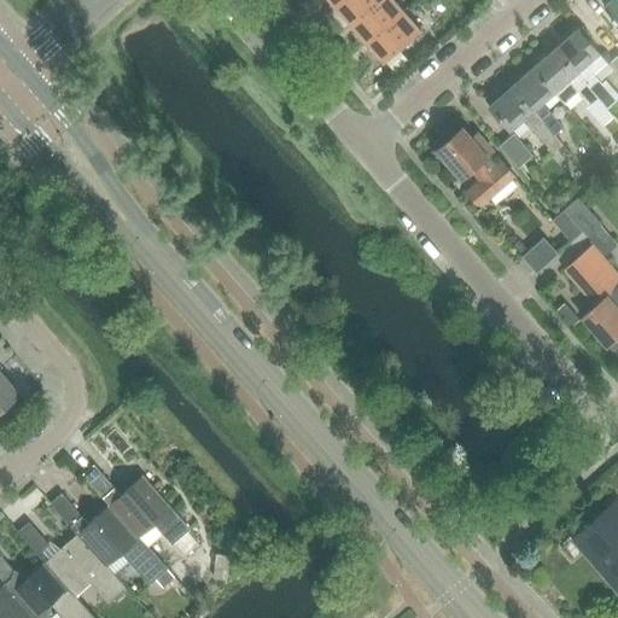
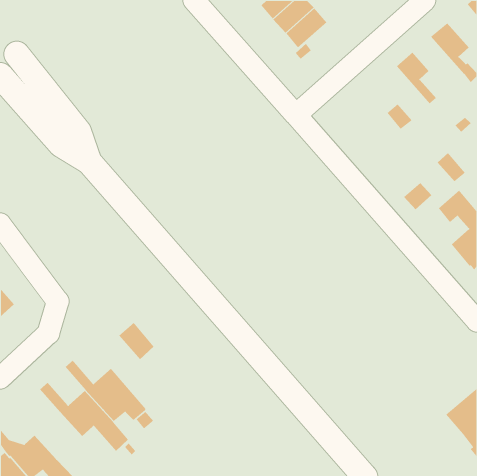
building: [534,48,600,106] -> none
building: [488,87,562,153] -> none
building: [435,129,514,208] -> none
building: none -> [118,322,155,360]
building: [18,523,126,604] -> none

